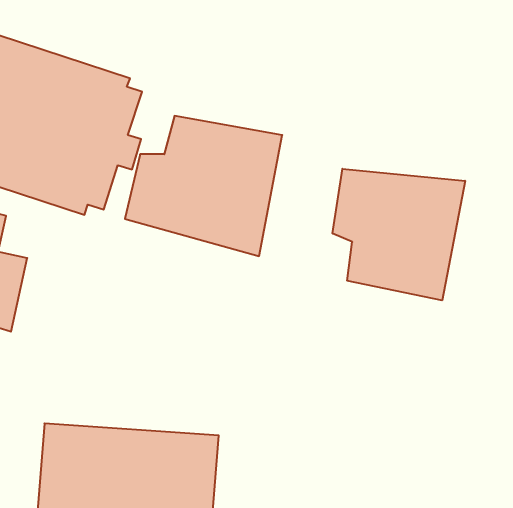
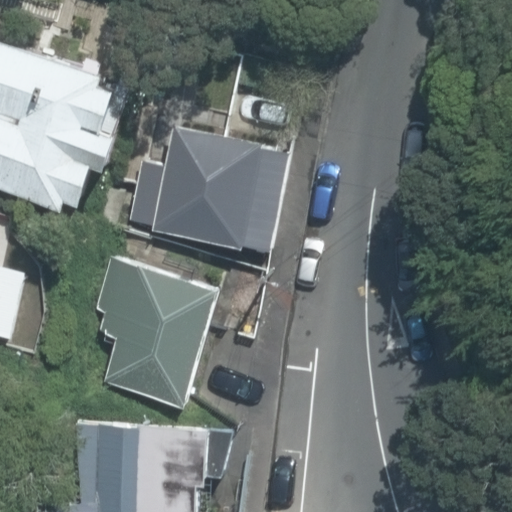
building: [333,169,465,300] -> none
building: none -> [90,258,228,407]

